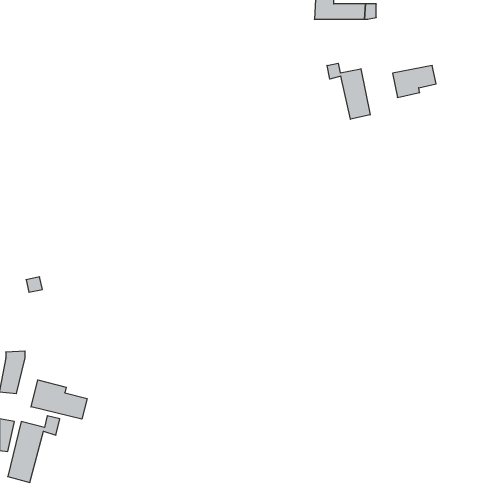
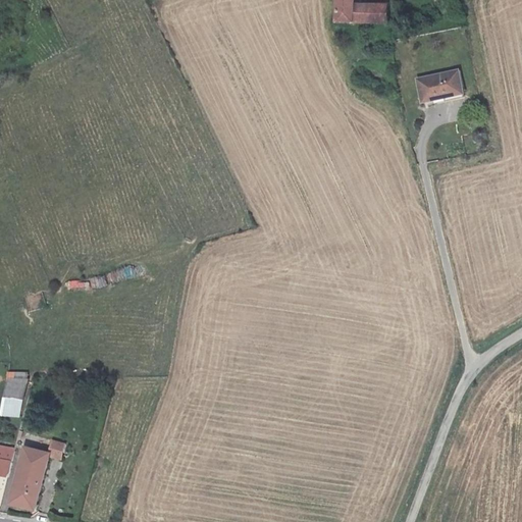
building: [327,63,370,119] -> none
building: [31,380,87,419] -> none

